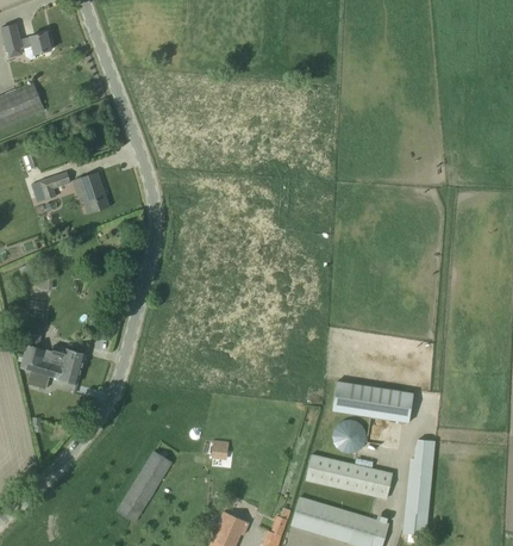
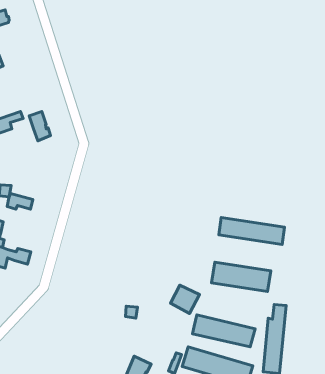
building: none -> [219,217,285,245]
building: [49,345,85,366] -> [7,194,33,209]
building: [330,416,370,455] -> [170,285,200,313]
building: [115,451,171,521] -> none

